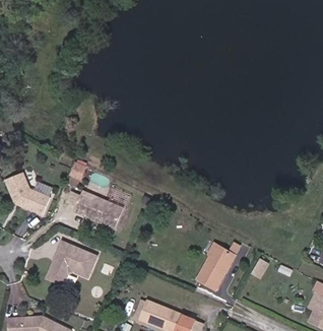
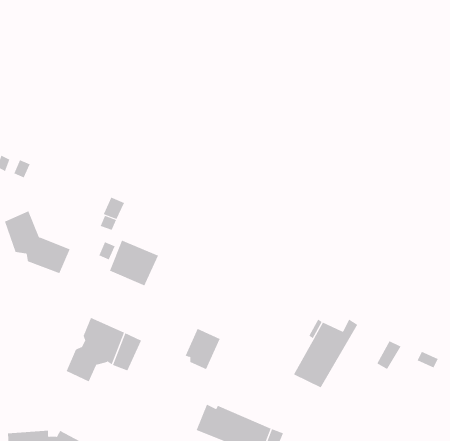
building: [100,201,123,228] -> [185,328,220,370]

